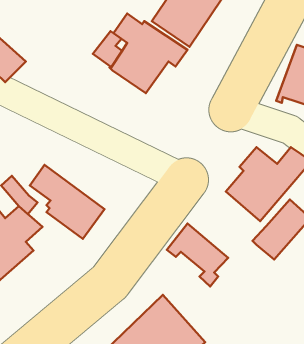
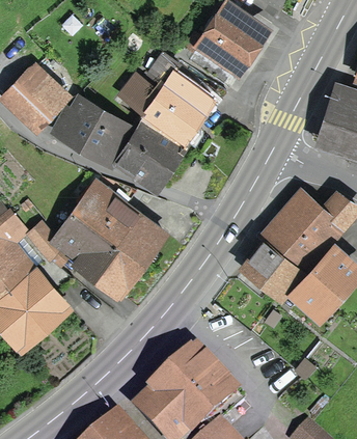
building: none -> [56,98,128,158]
building: none -> [120,111,183,181]
building: none -> [76,174,162,257]
building: [167,223,228,286] -> [245,239,309,305]

